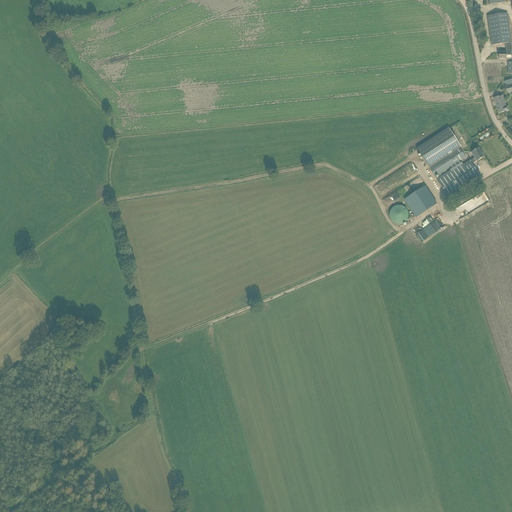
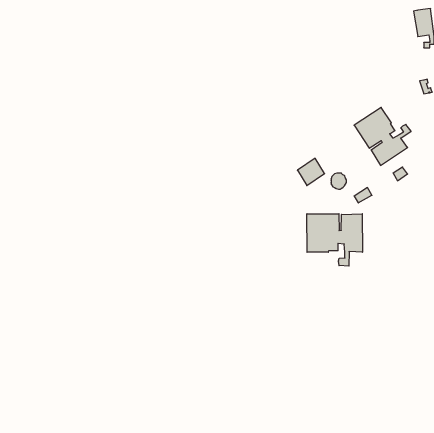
building: [404,183,436,215] -> [297,158,325,186]
building: none -> [307,214,362,266]

